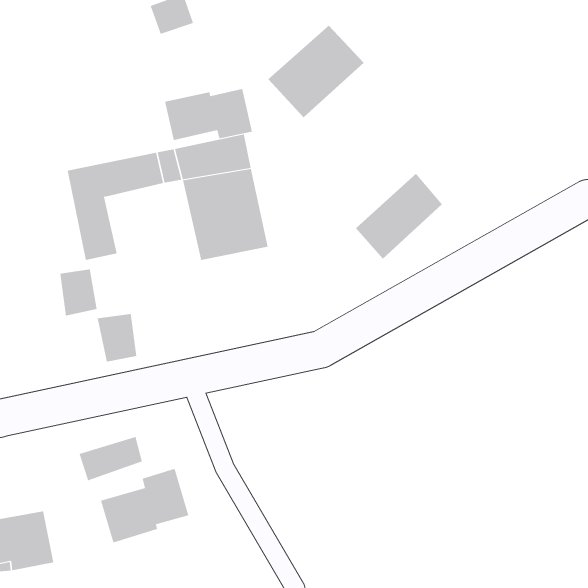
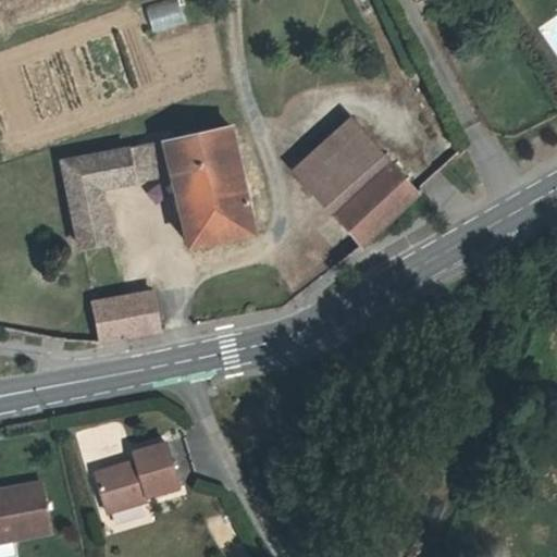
building: [268,25,364,118] -> [301,127,393,215]
building: [165,88,252,141] -> none
building: [59,269,98,316] -> [124,292,160,336]
building: [79,436,142,481] -> none

